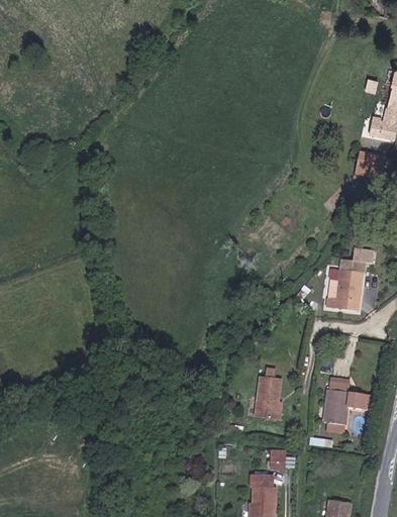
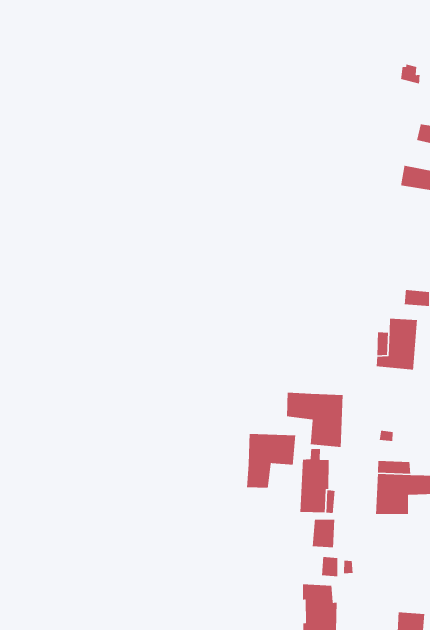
building: none -> [286,392,344,448]
building: none -> [246,433,296,488]
building: none -> [312,519,335,548]

